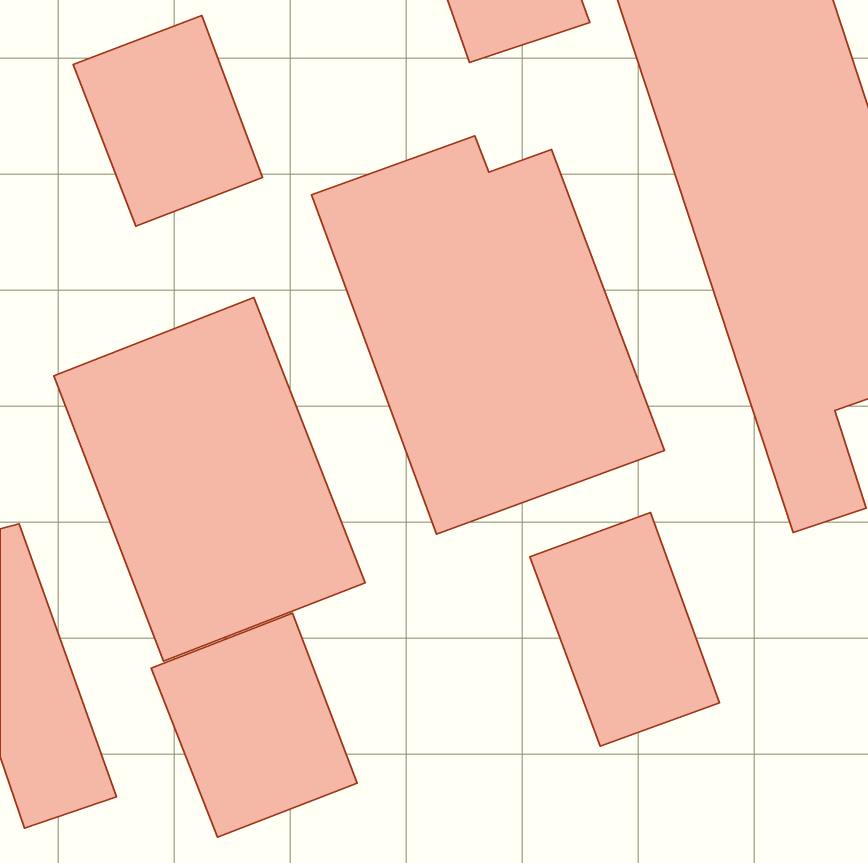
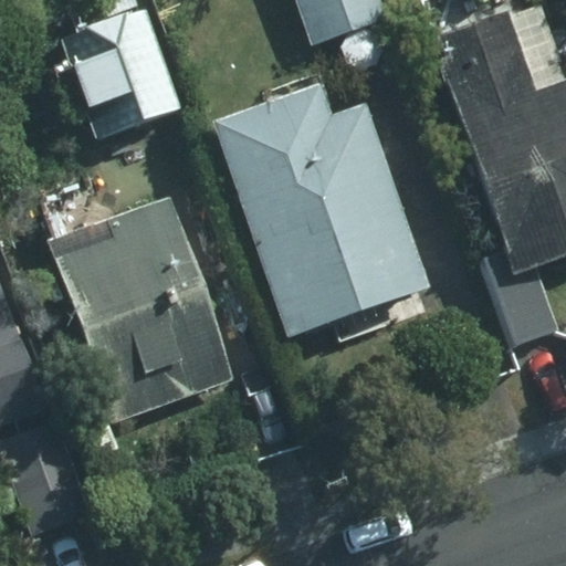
building: [530,512,720,746] -> none
building: [151,613,357,837] -> none

